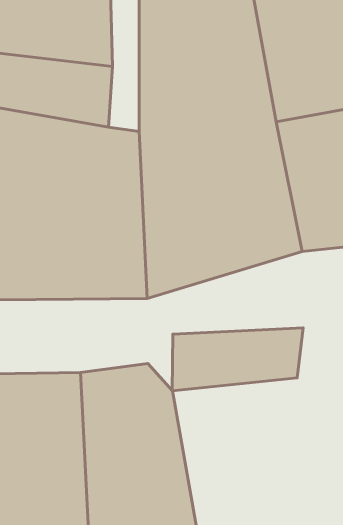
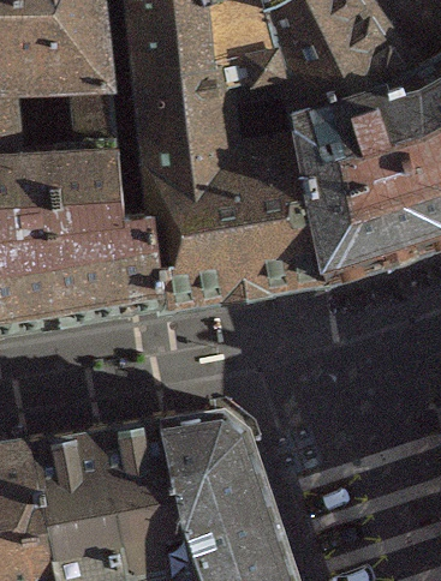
building: [172,328,303,391] -> none

